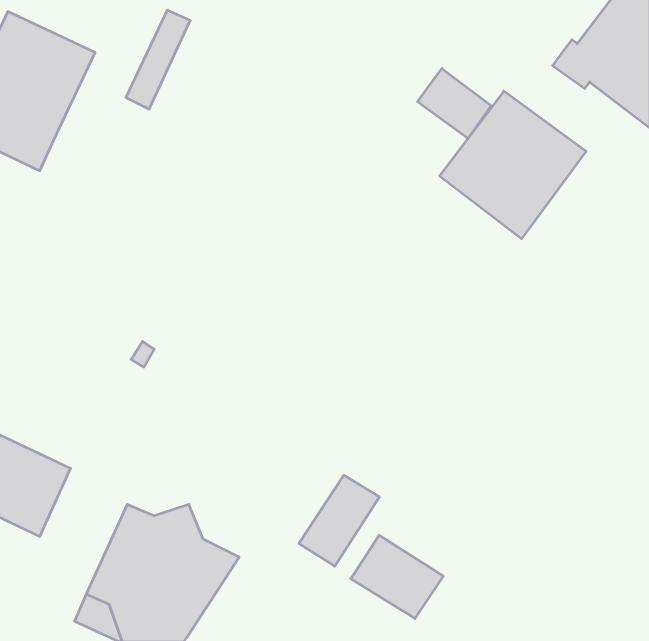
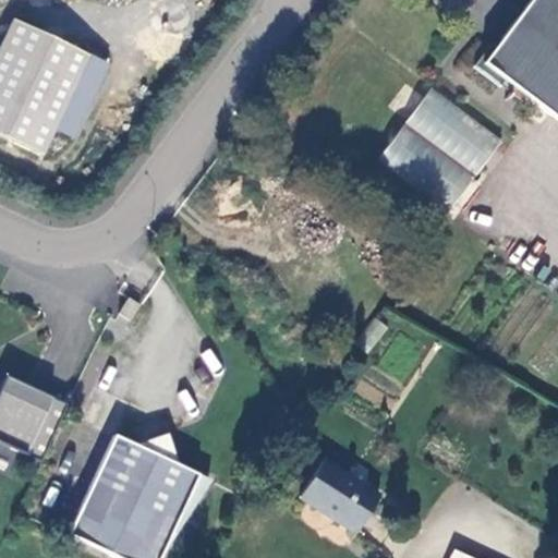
building: [126,10,190,109] -> [52,51,107,135]
building: [418,68,491,139] -> none
building: [299,475,379,566] -> none

